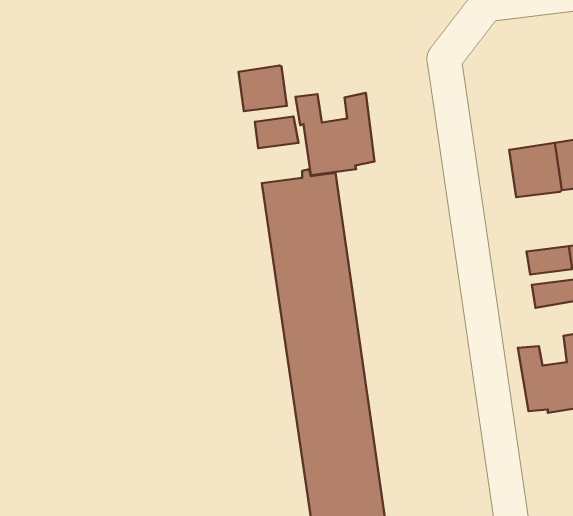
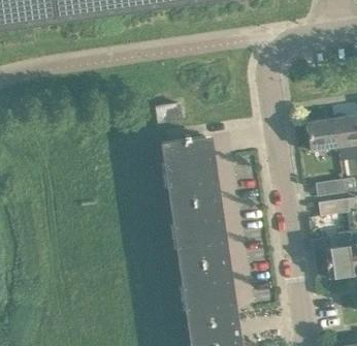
building: [238,65,287,111] -> none
building: [296,93,375,175] -> none

